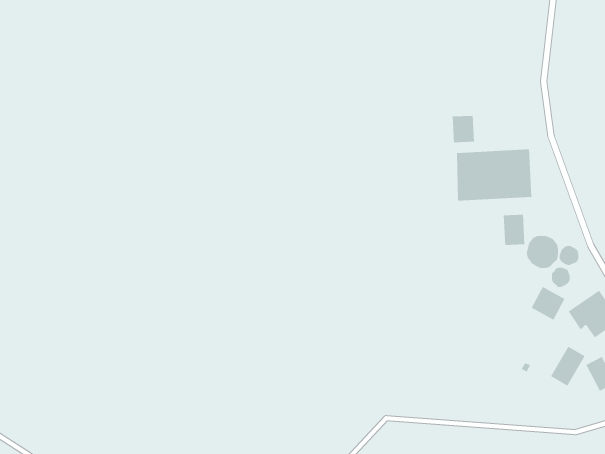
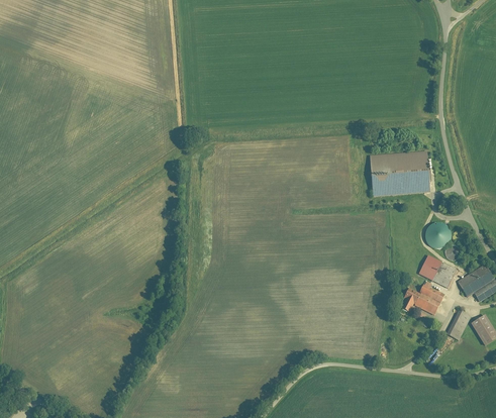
building: [452,115,475,143] -> none
building: [503,214,525,246] -> none
building: none -> [401,283,445,317]

